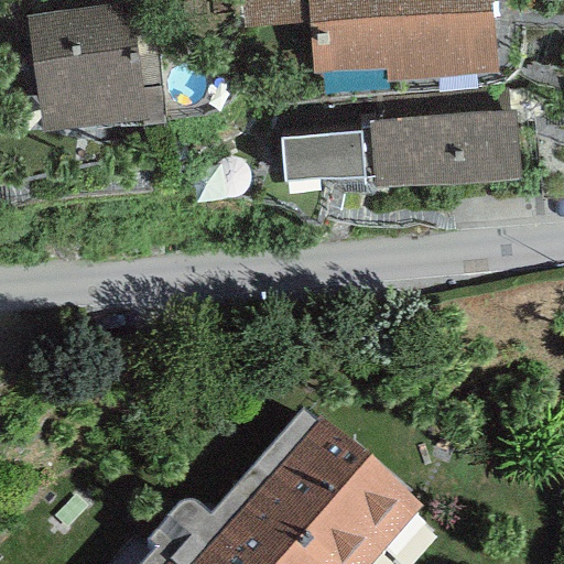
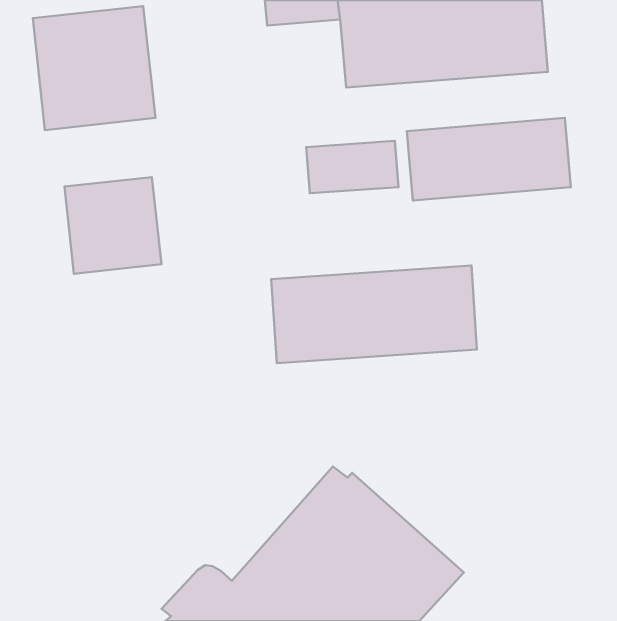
building: none -> [65,177,161,274]
building: none -> [271,266,477,363]

